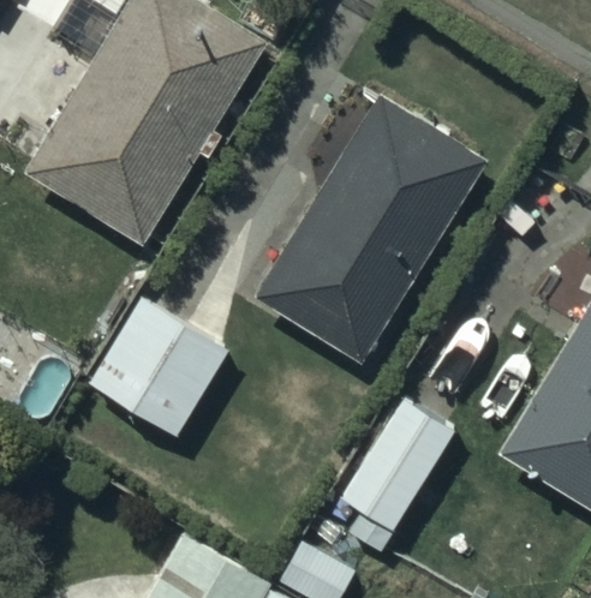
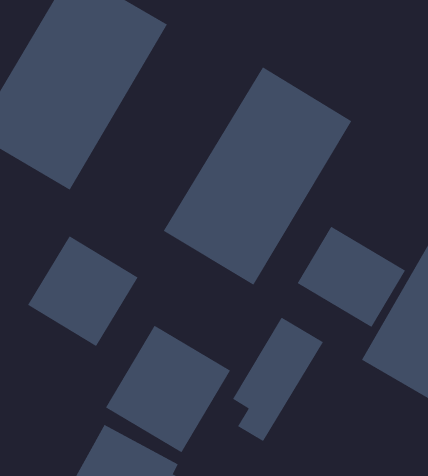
building: none -> [297,226,406,328]
building: none -> [105,325,231,453]

